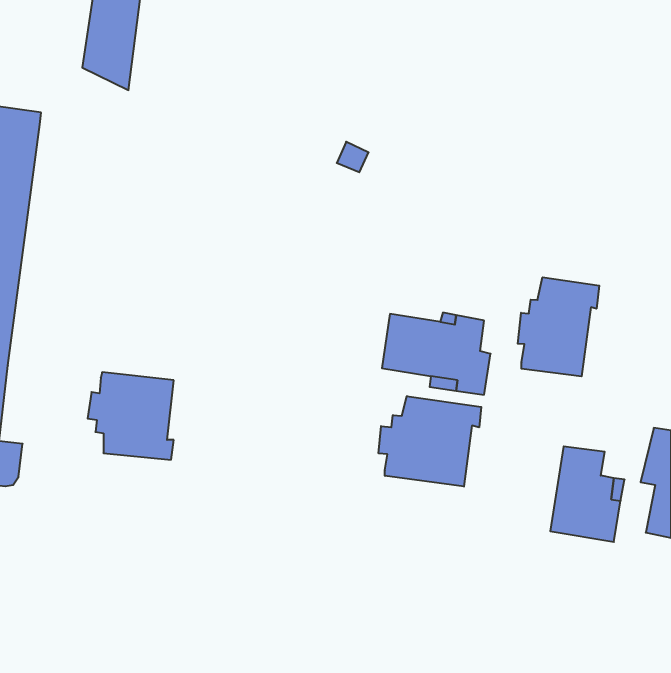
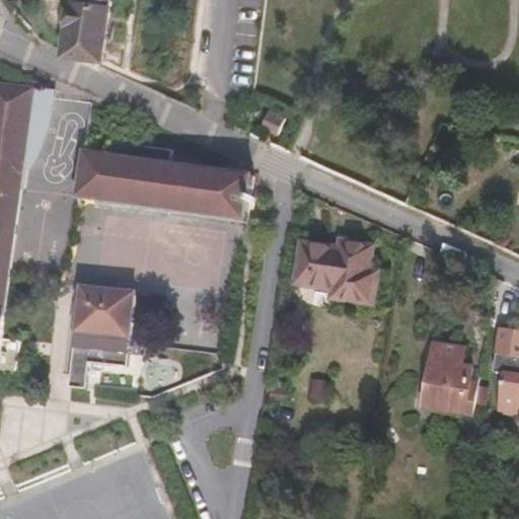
building: none -> [75,139,250,221]
building: [518,277,599,376] -> none
building: [379,396,481,487] -> none

